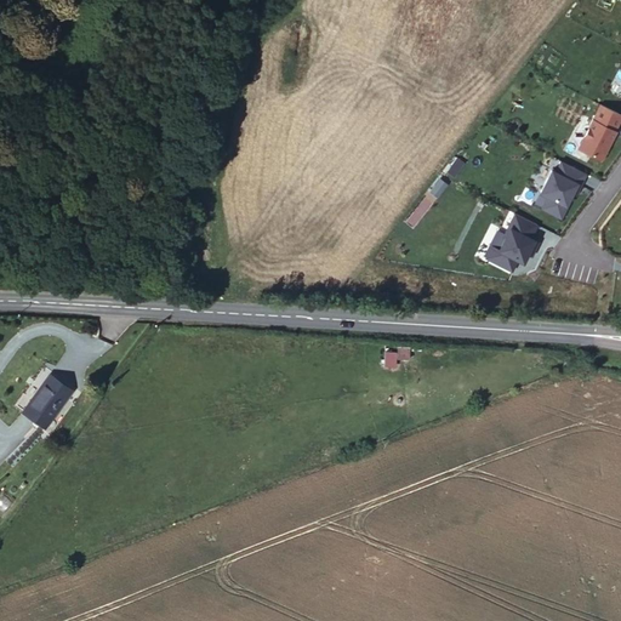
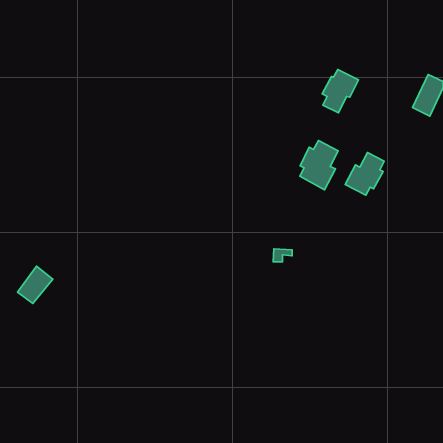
building: [537,160,588,221] -> [322,69,358,113]
building: none -> [300,140,338,190]

